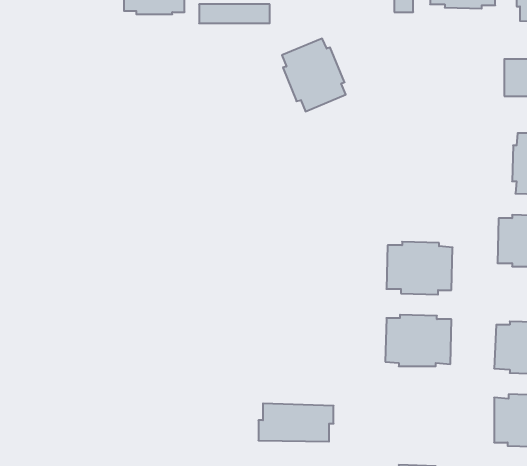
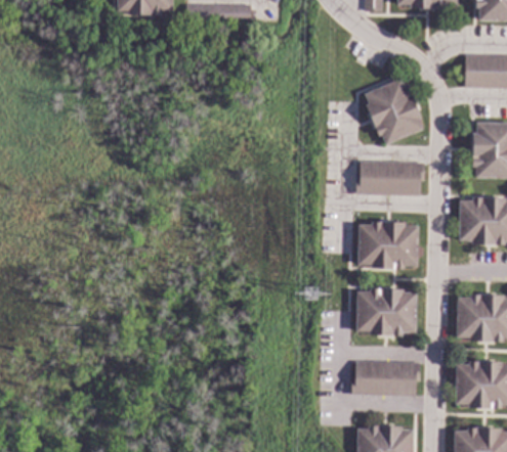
building: [282,39,346,111] -> [365,78,423,144]
building: none -> [355,161,425,195]
building: [258,403,334,442] -> [351,361,420,396]

